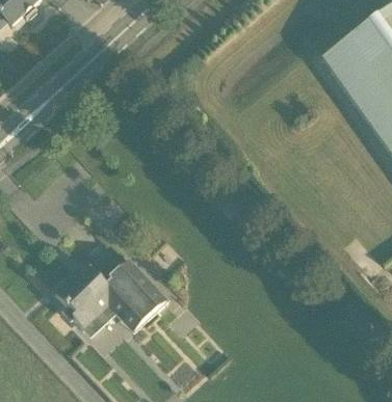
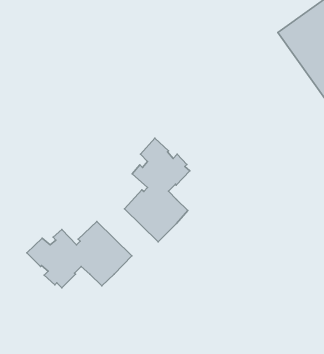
building: none -> [125,138,190,242]

